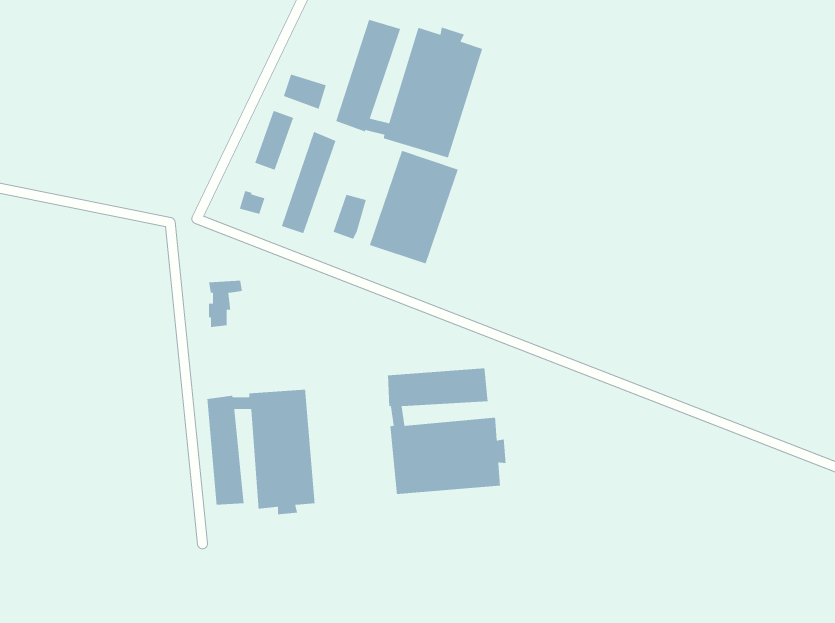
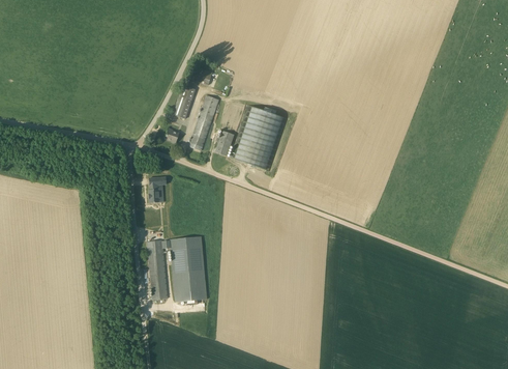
building: [335,19,483,159] -> none
building: [387,367,506,495] -> none

